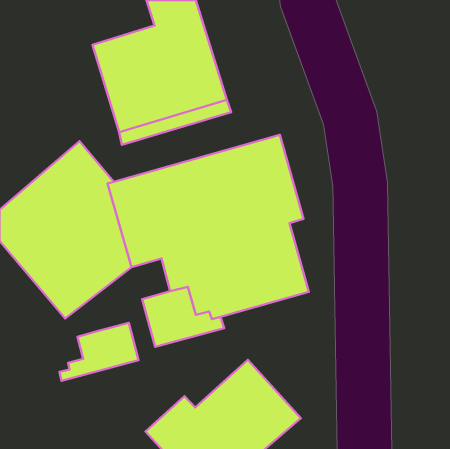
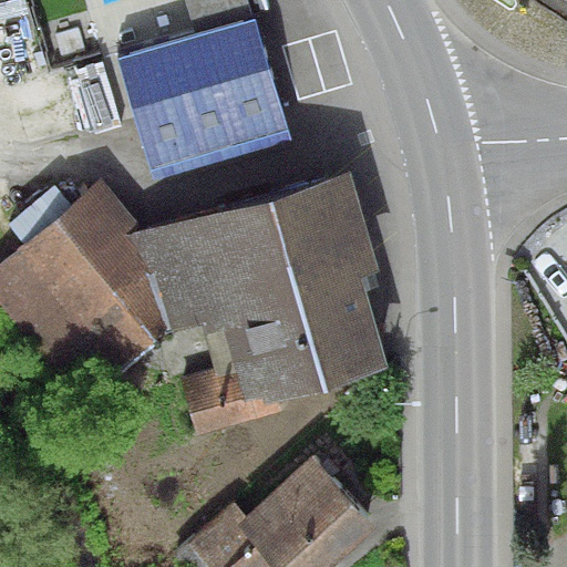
building: [59,323,138,381] -> none

